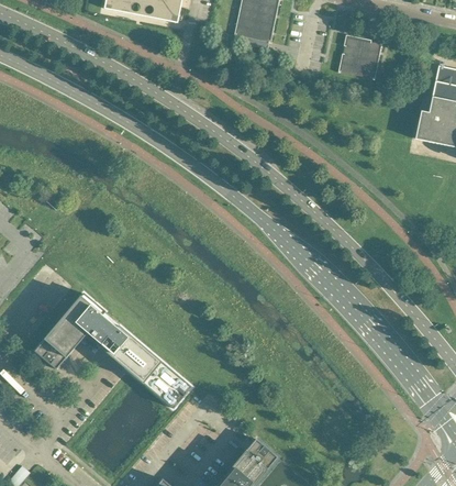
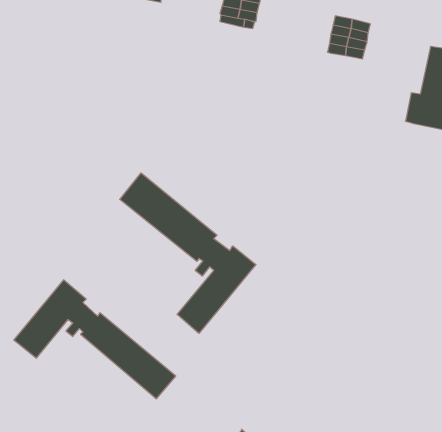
building: none -> [120,173,256,333]

